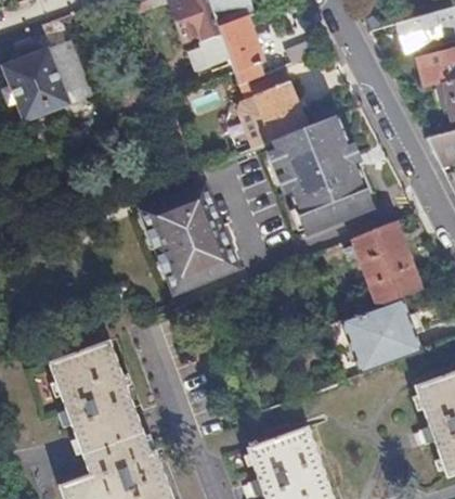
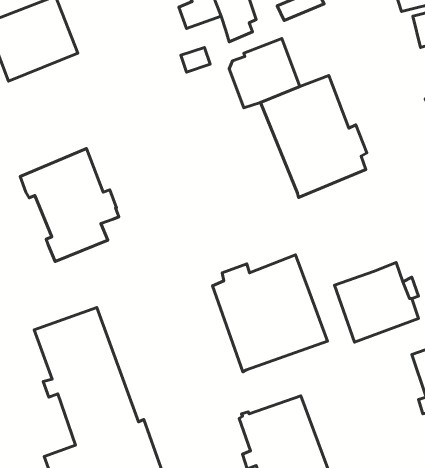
building: [140,183,235,293] -> [20,148,119,262]
building: [351,221,419,305] -> none
building: none -> [213,255,327,372]

